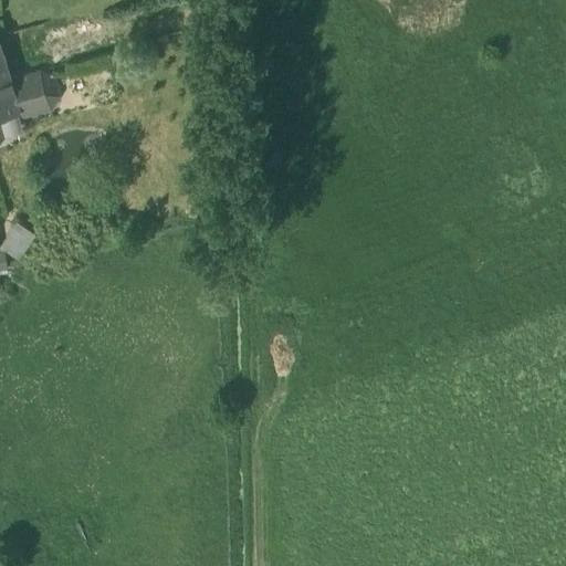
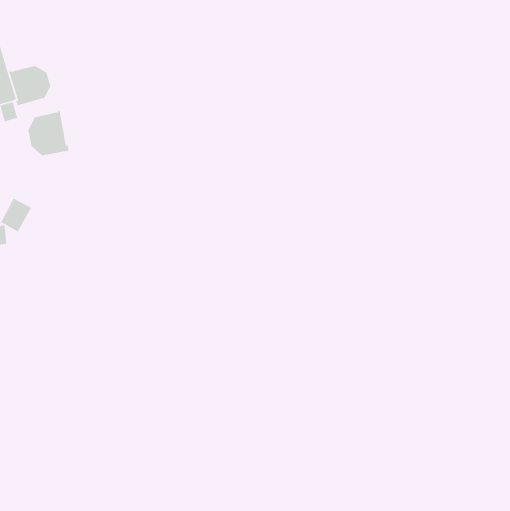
building: none -> [27,110,69,156]

